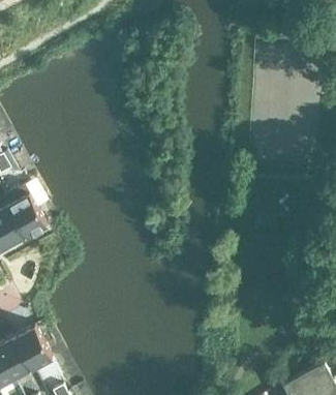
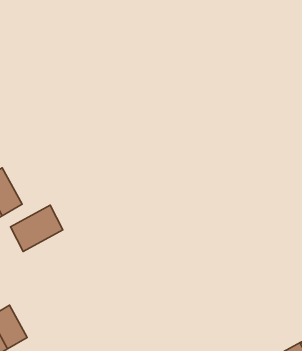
building: none -> [10,205,63,251]

